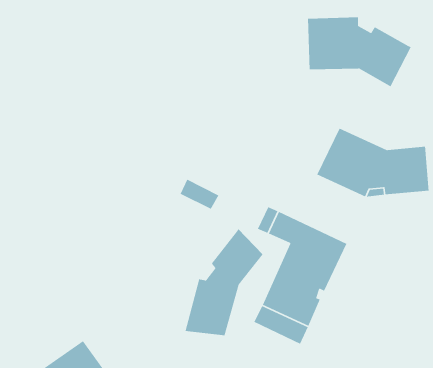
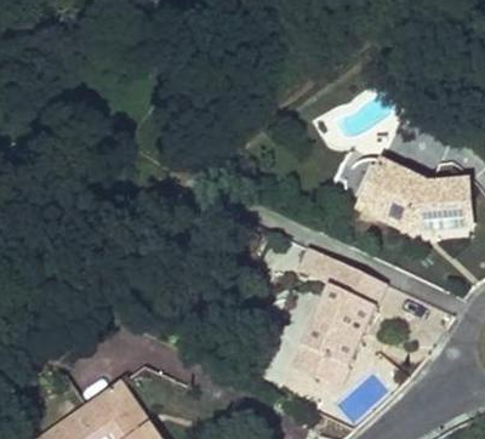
building: [307,16,412,87] -> none
building: [184,228,263,336] -> none

